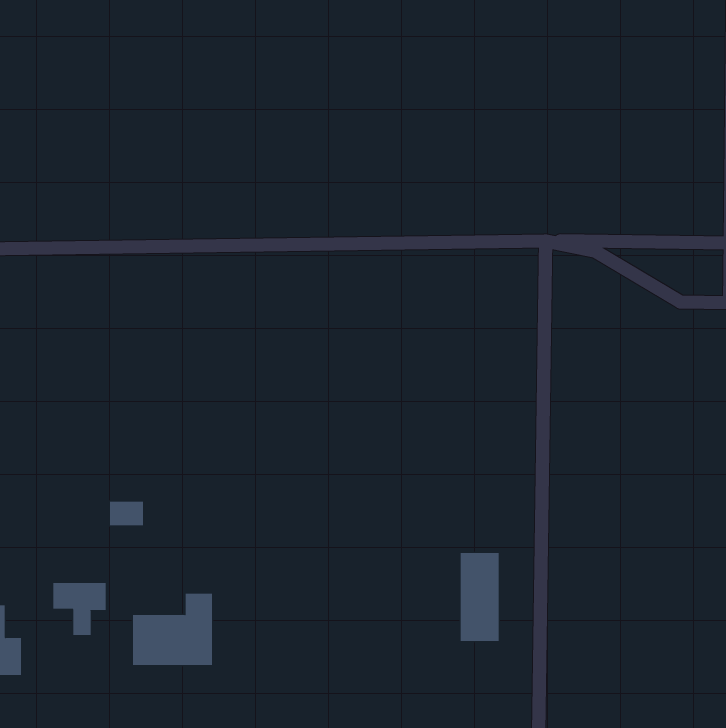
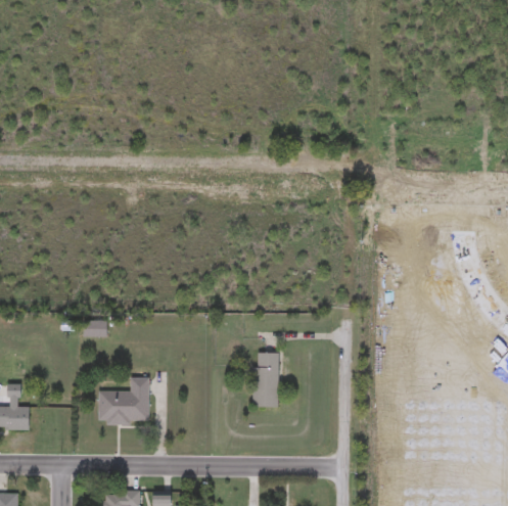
building: [460,552,499,641] -> [255,352,279,407]
building: [53,582,106,636] -> none

